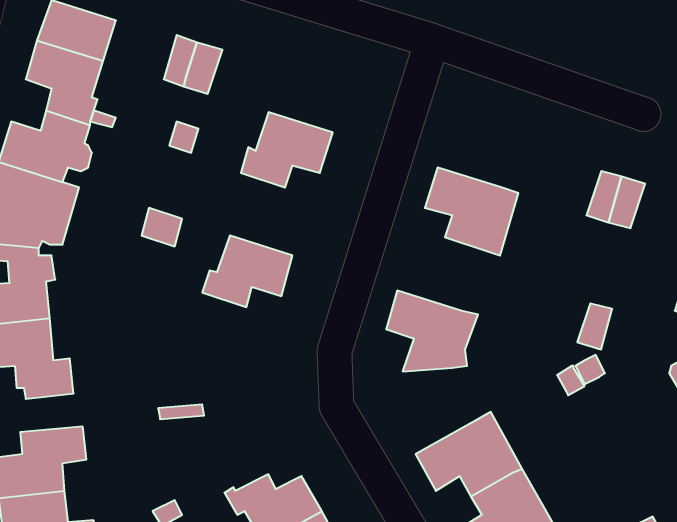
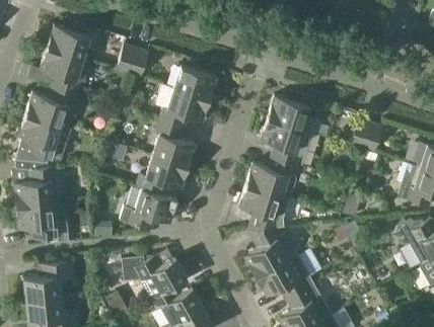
building: none -> [173,66,216,98]
building: none -> [267,95,319,133]
building: none -> [152,120,194,166]
building: none -> [244,156,296,198]
building: none -> [119,186,176,229]
building: none -> [243,228,294,275]
building: none -> [122,255,187,297]

